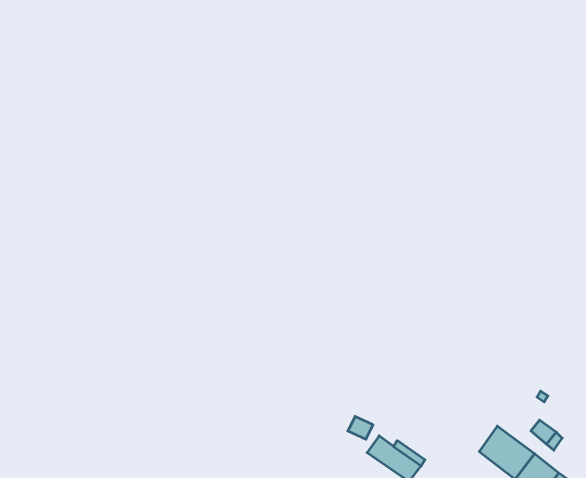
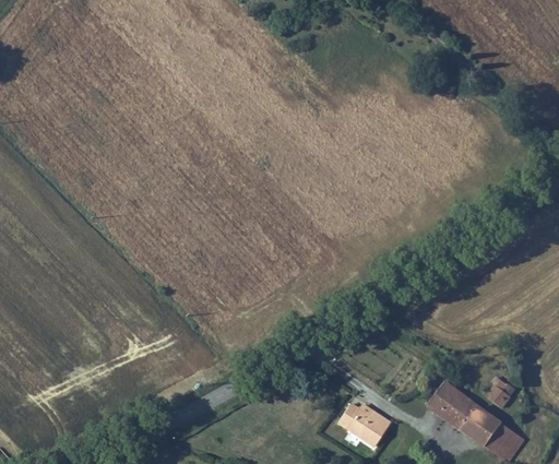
building: none -> [427,381,456,414]

